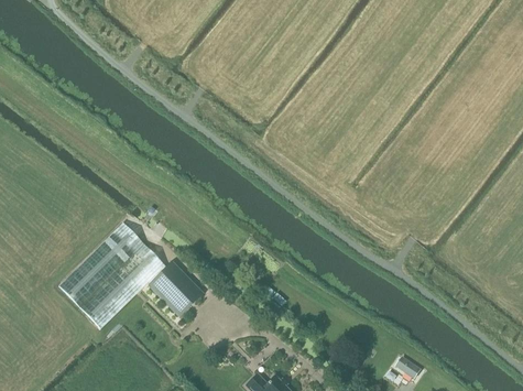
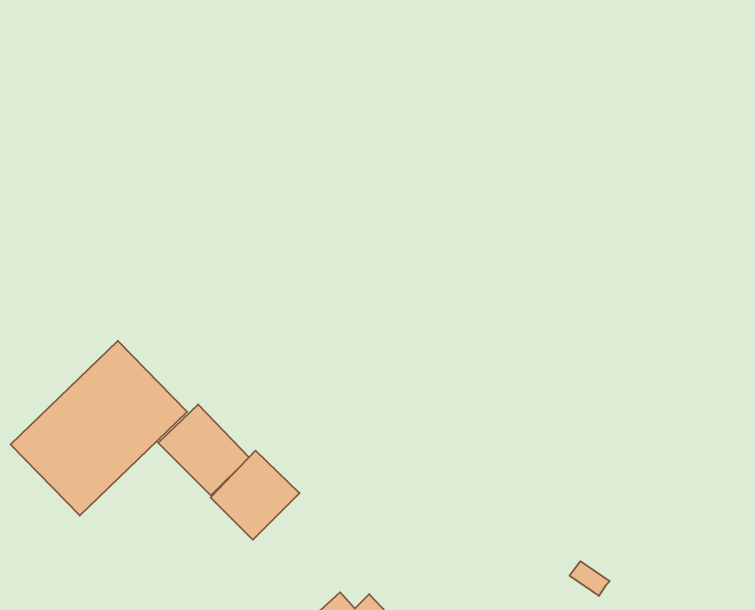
building: none -> [211,451,300,540]

